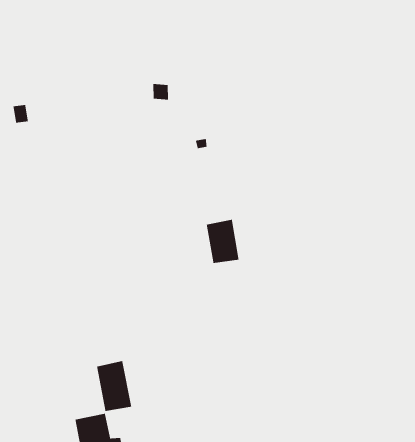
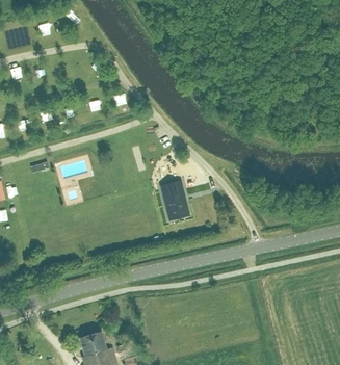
building: [96,360,132,412] -> none

